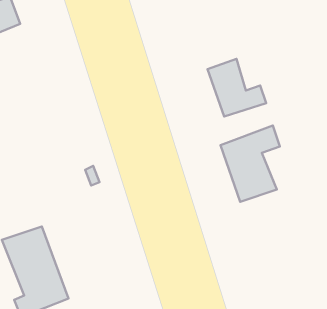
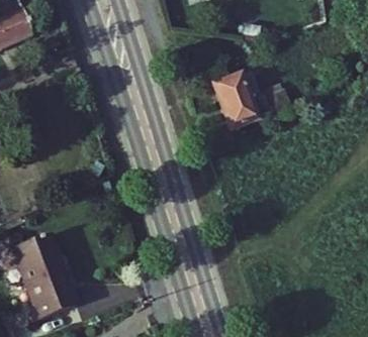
building: [221,126,280,202] -> none

